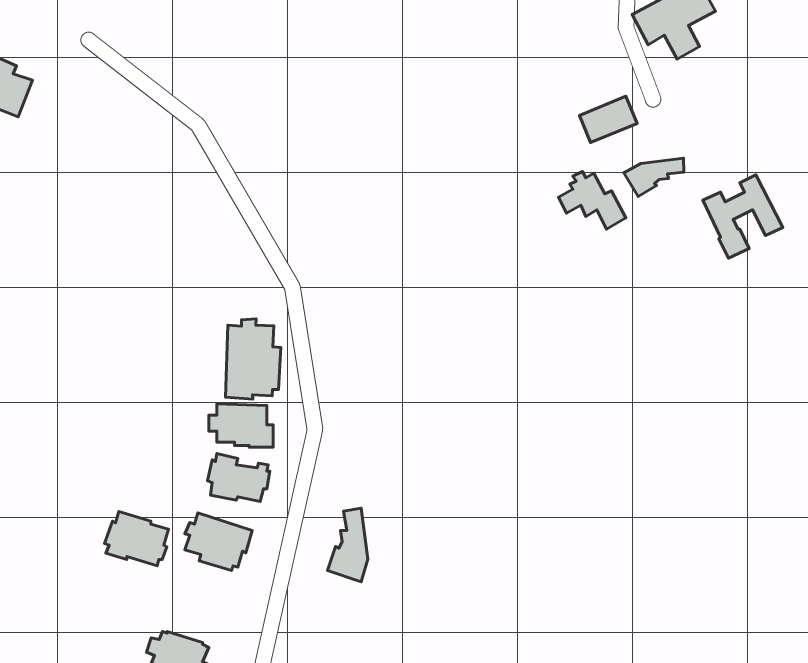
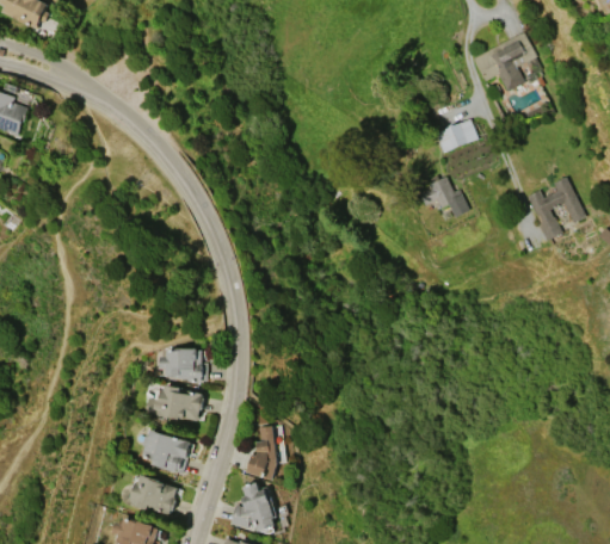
building: [624,158,684,196] -> none
building: [225,319,281,399] -> none
building: [104,511,168,566] -> [130,475,178,515]
building: none -> [232,483,277,532]

